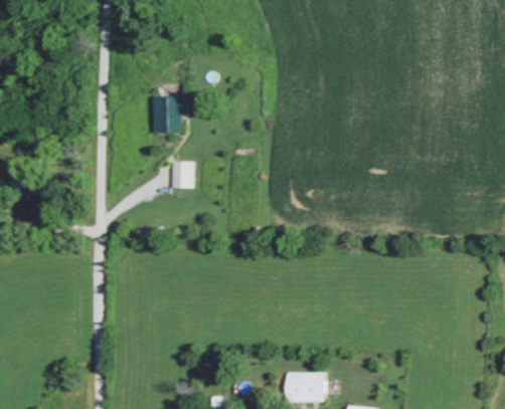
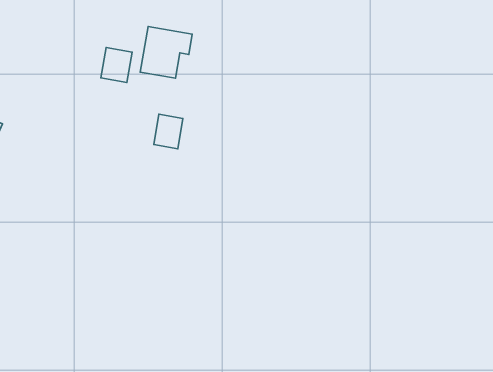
building: none -> [101,48,132,82]

